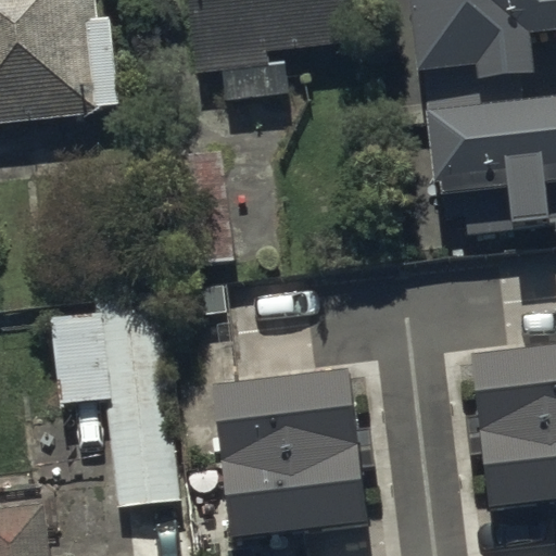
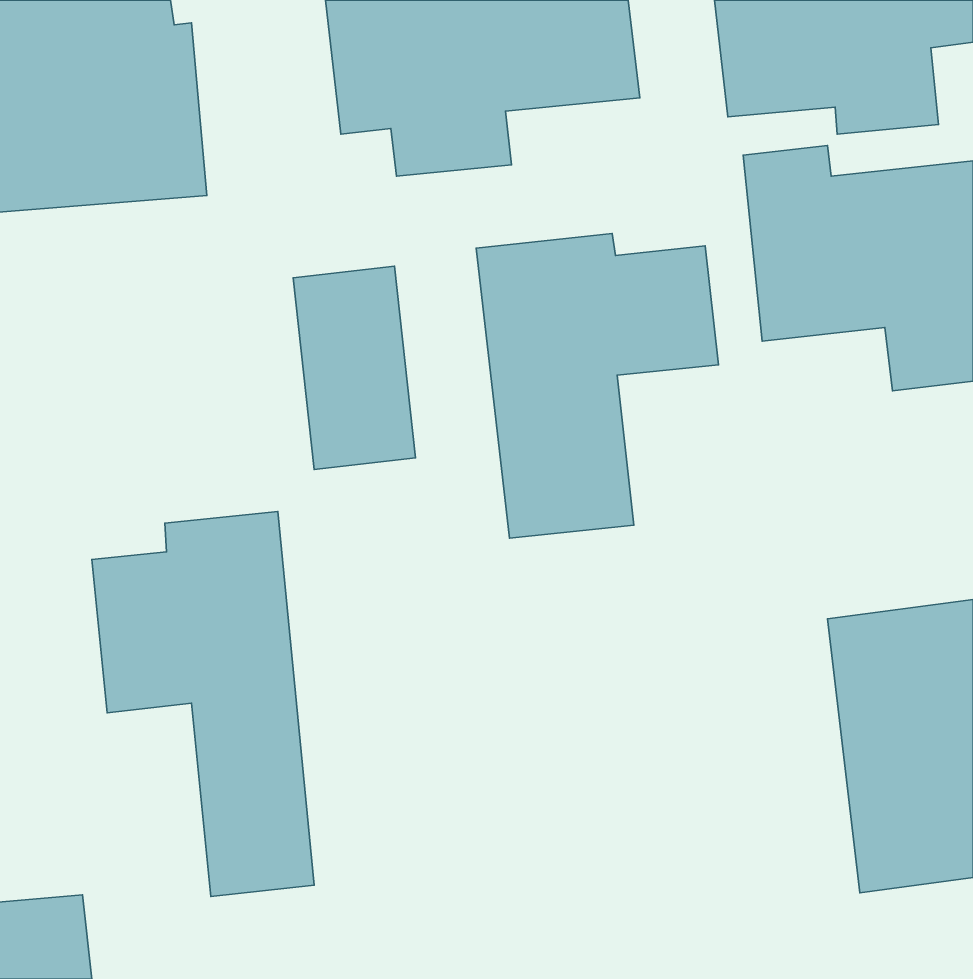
building: none -> [476,233,718,538]
building: [215,367,374,535] -> none

